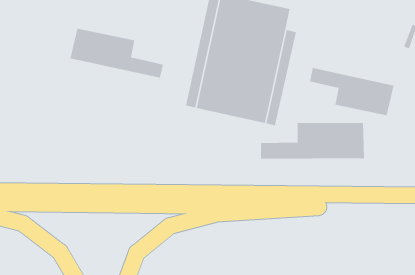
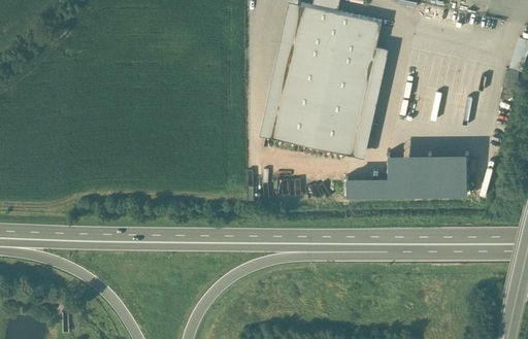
building: [69,28,164,79] -> none
building: [309,67,395,116] -> none

